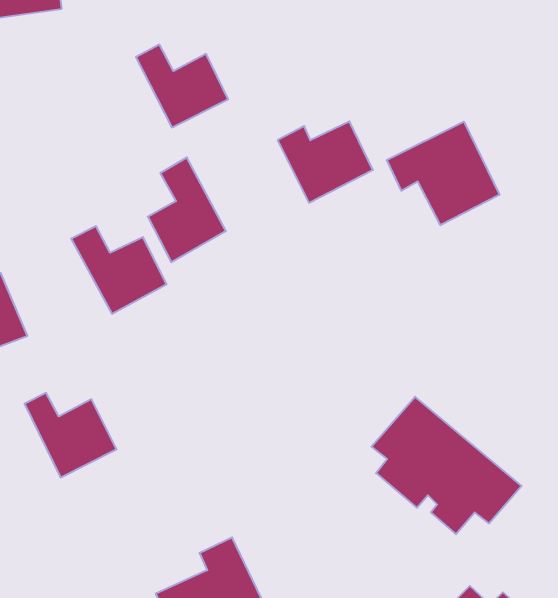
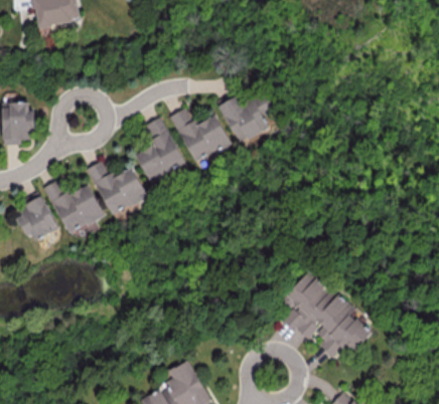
building: [136,45,228,127] -> [170,109,230,162]
building: [387,122,499,225] -> none
building: [24,393,117,477] -> [44,180,104,234]

